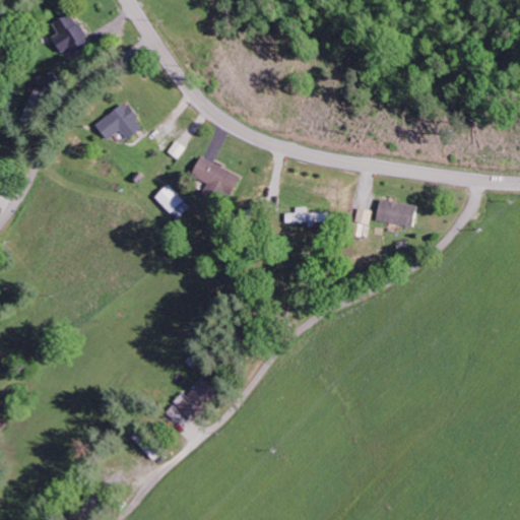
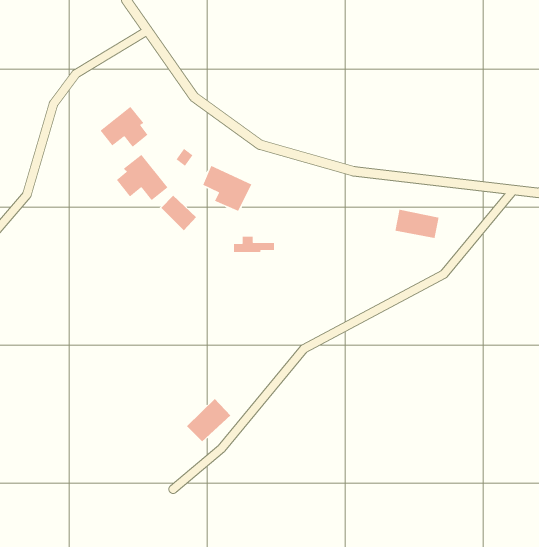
building: [51,12,86,55] -> none
building: none -> [116,154,169,201]
building: [288,206,328,222] -> [233,236,275,253]

